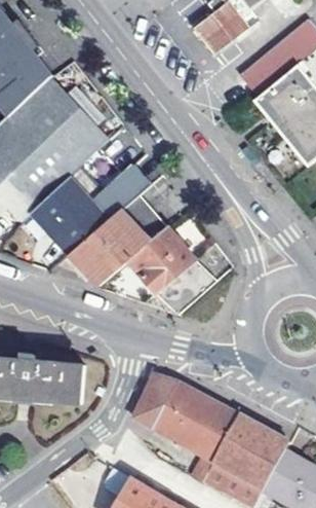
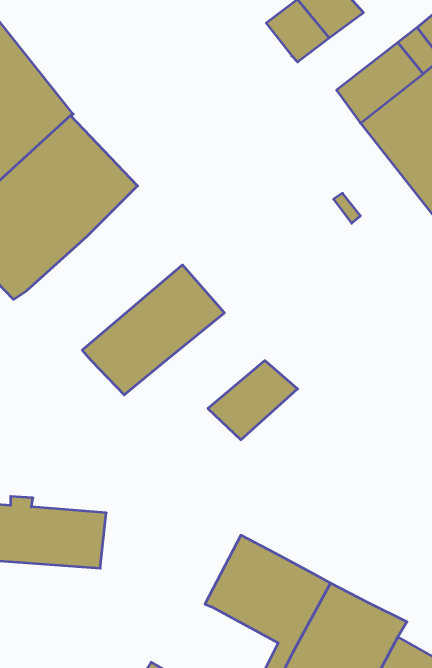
building: [31,162,151,253] -> none
building: [127,227,194,293] -> none
building: [133,374,177,428] -> none

